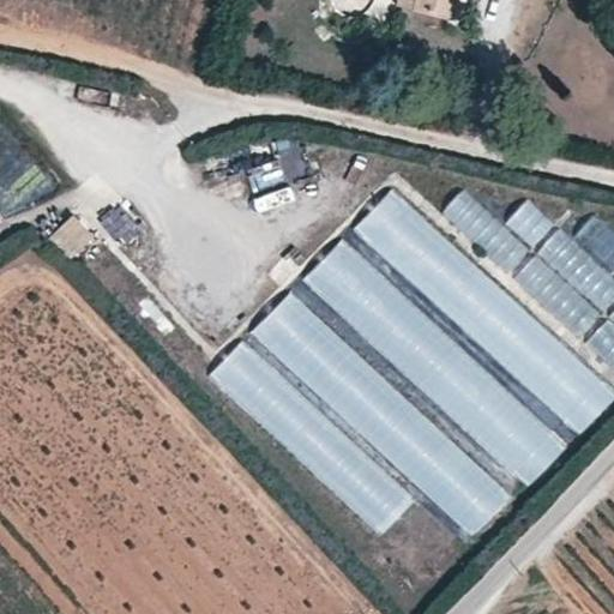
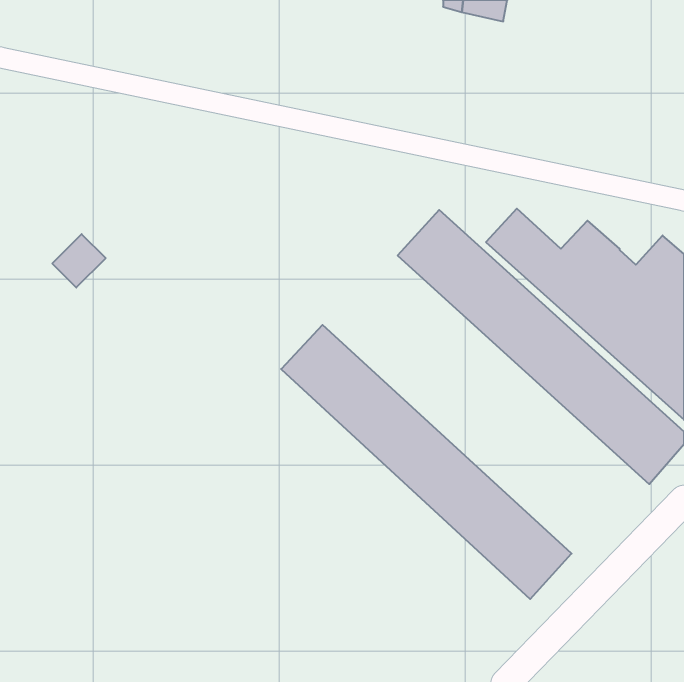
building: [306,240,567,487] -> none
building: [211,341,416,536] -> none

